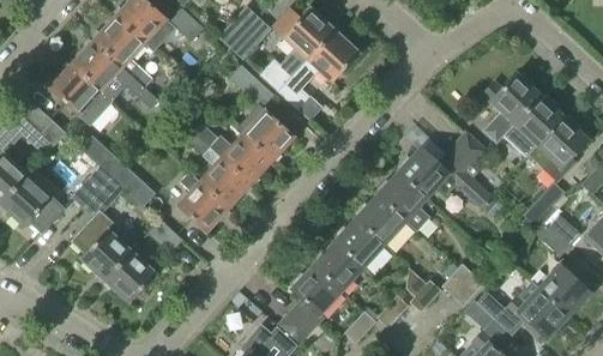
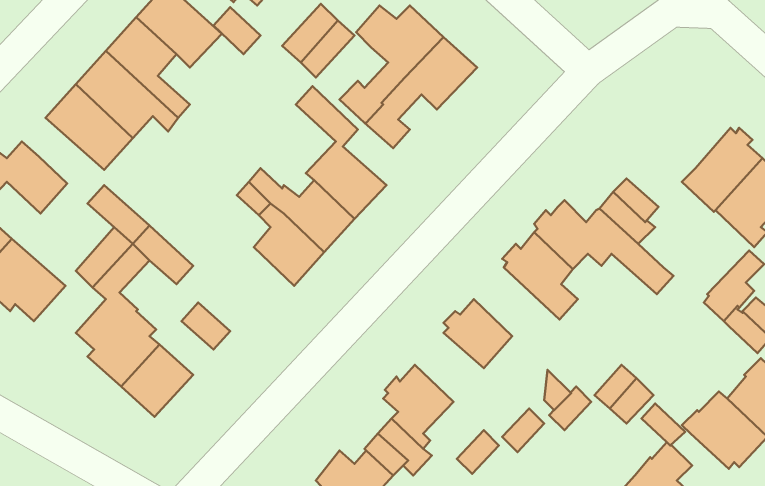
building: [482,73,539,144] -> none
building: [176,173,228,231] -> none
building: [355,195,417,245] -> none
building: [313,242,363,291] -> none

